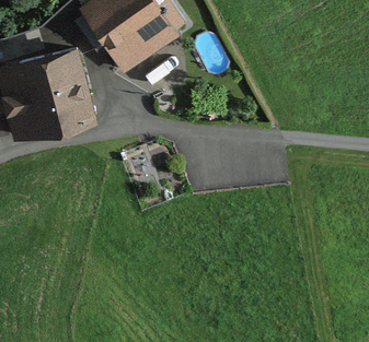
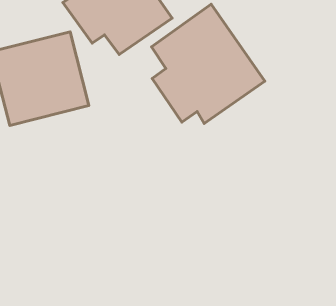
building: none -> [151,4,265,123]

